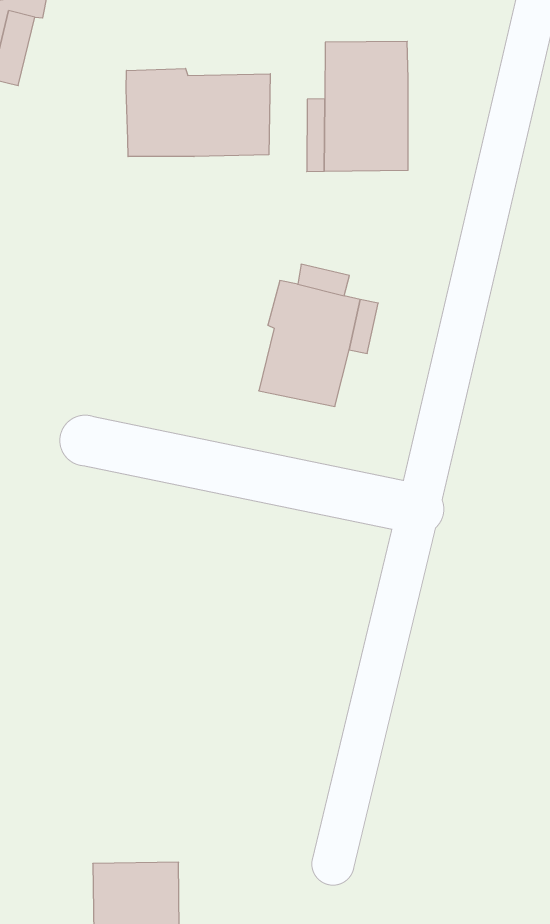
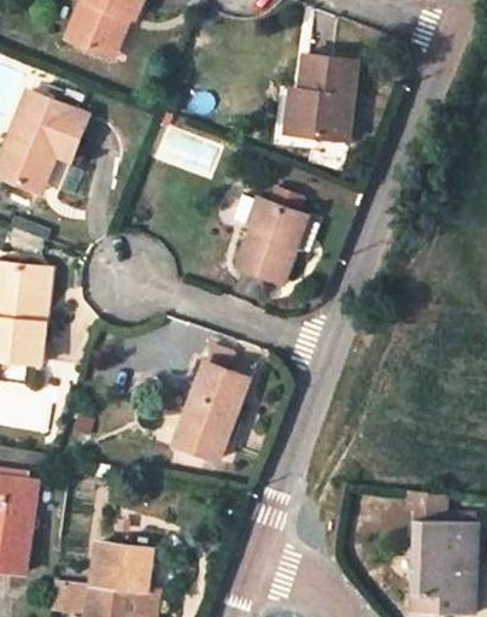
building: [126,68,270,157] -> none
building: none -> [175,363,247,458]

